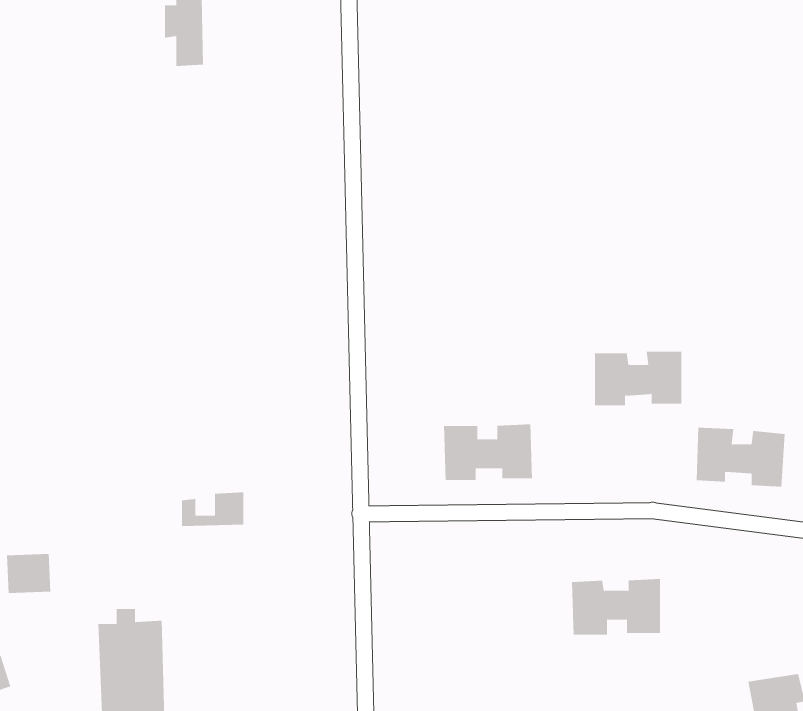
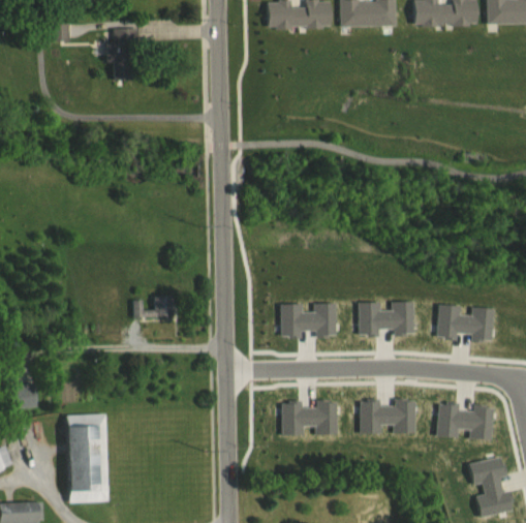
building: [594,351,682,406] -> [359,302,413,336]
building: [181,492,244,527] -> [132,296,172,317]
building: none -> [282,401,338,436]
building: none -> [437,403,494,440]

